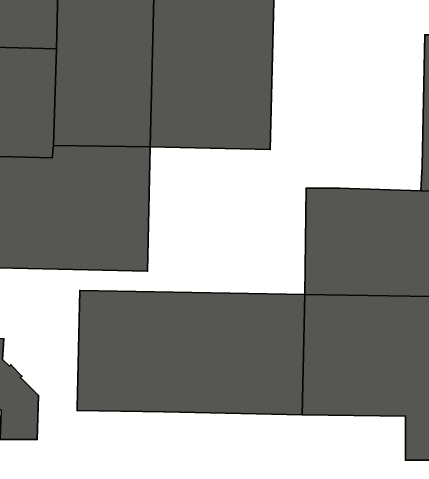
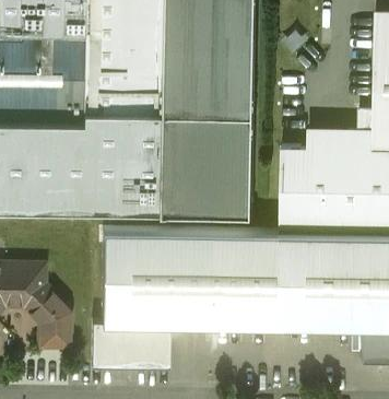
building: none -> [156,117,254,218]
building: none -> [308,130,374,152]
building: none -> [91,324,169,369]

